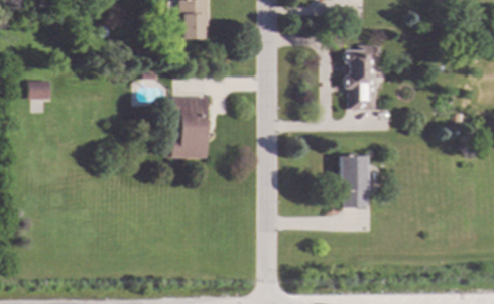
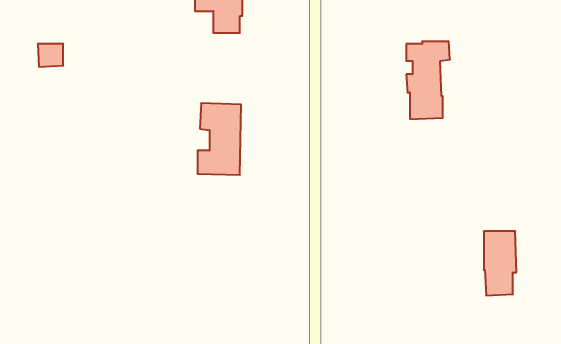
building: [29,81,50,100] -> [38,44,63,67]
building: [342,156,369,209] -> [484,231,516,295]

